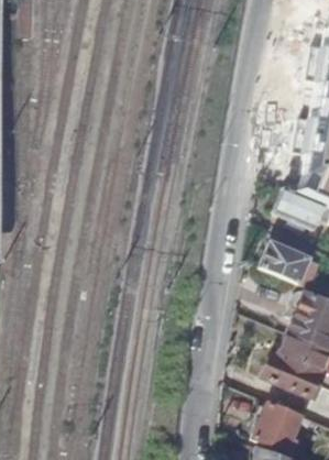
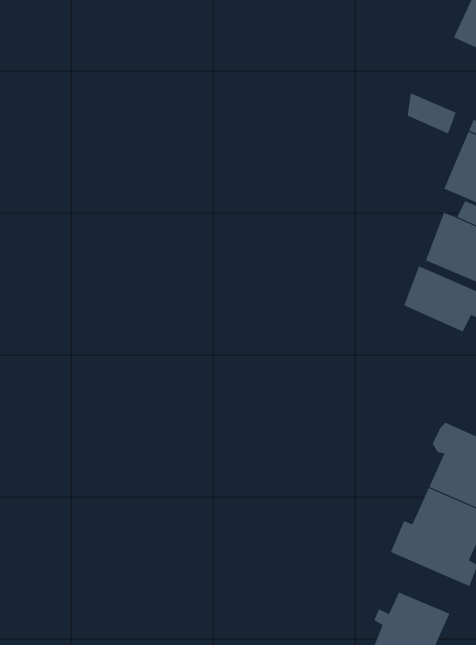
building: [262,241,310,282] -> none

